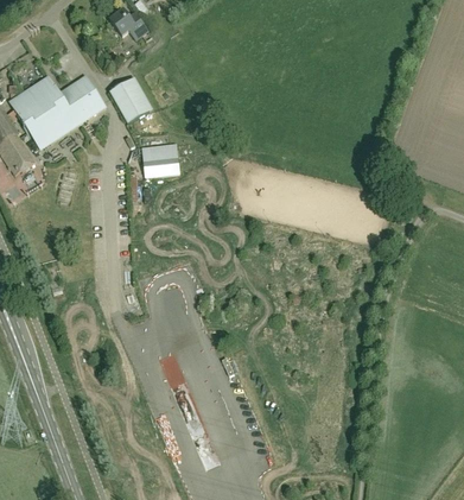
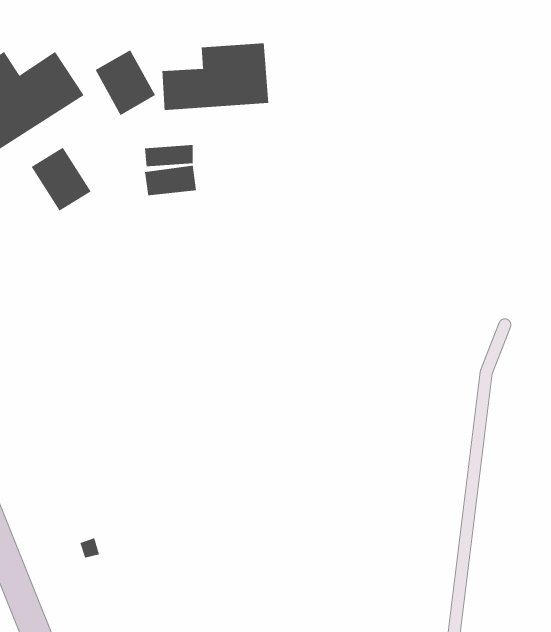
building: none -> [162,42,269,111]
building: none -> [31,147,91,212]

